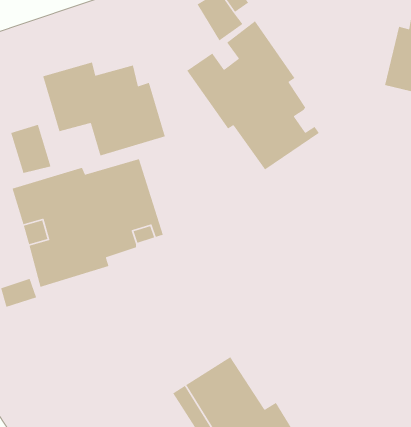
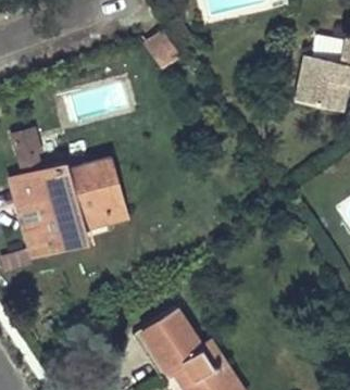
building: [186,20,320,171] -> none
building: [42,62,166,157] -> none

